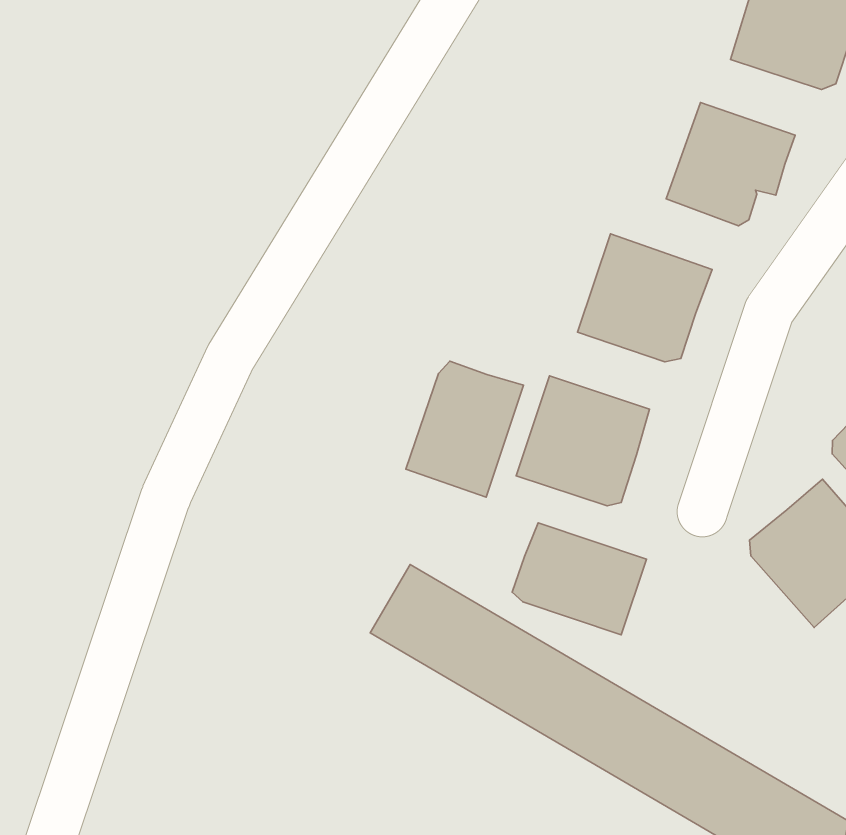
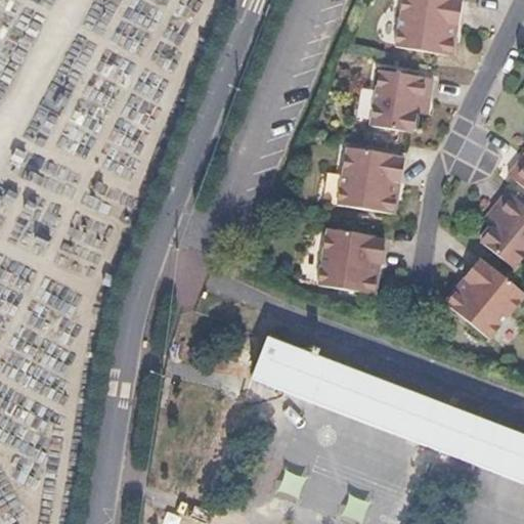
building: [406,361,523,497] -> none
building: [512,523,646,635] -> none

